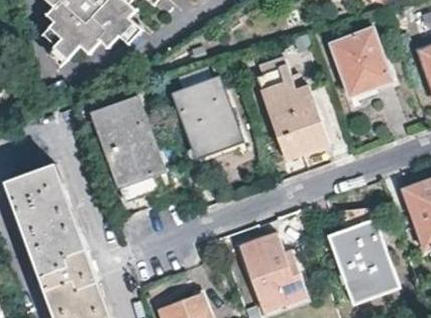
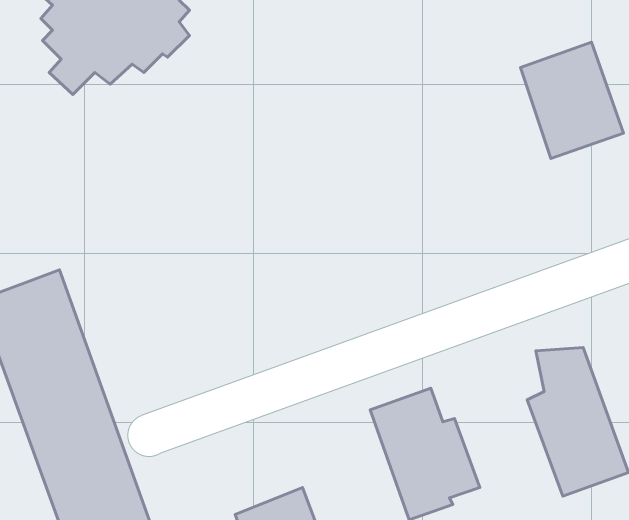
building: [256,67,329,162] -> none
building: [174,80,241,158] -> none
building: [93,98,163,189] -> none

